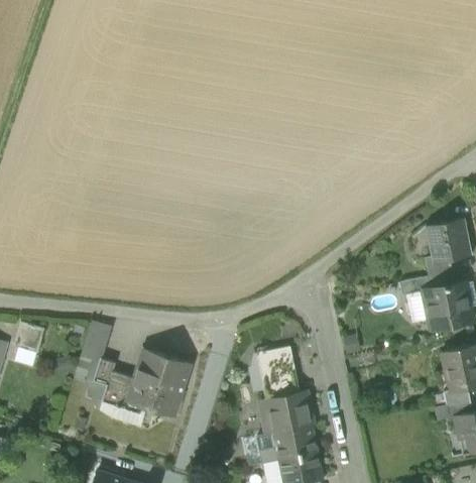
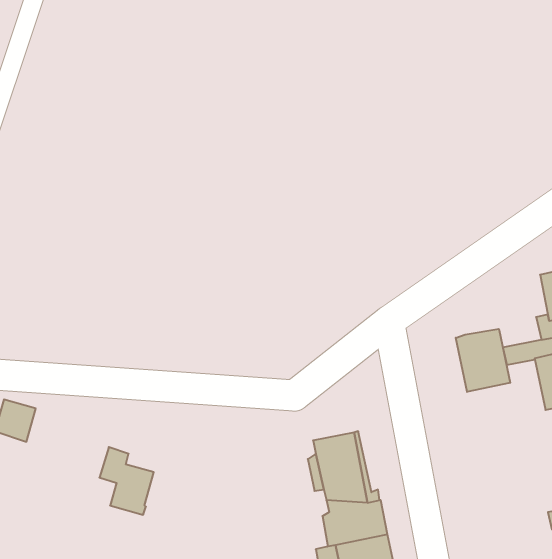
building: none -> [456,329,510,392]
building: [74,322,109,381] -> none
building: [127,349,190,417] -> none

